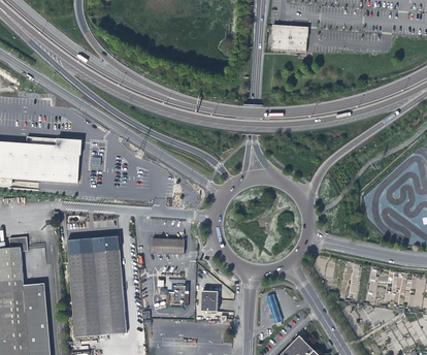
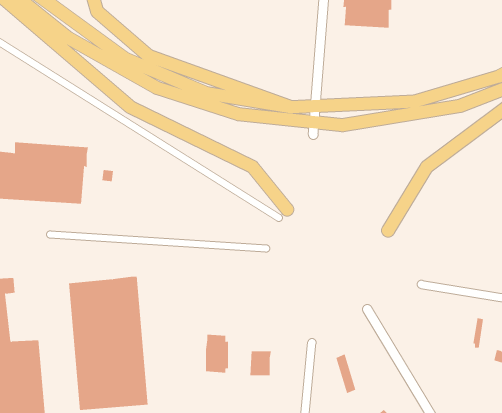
building: [153,238,185,254] -> none

